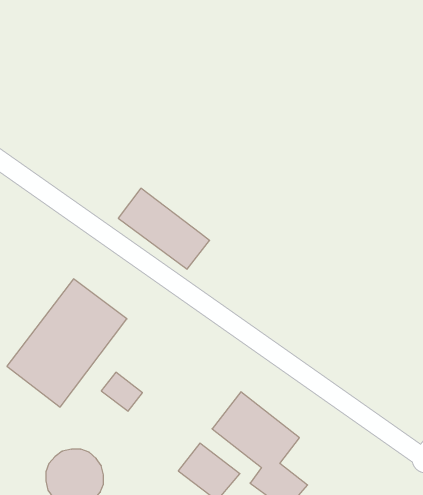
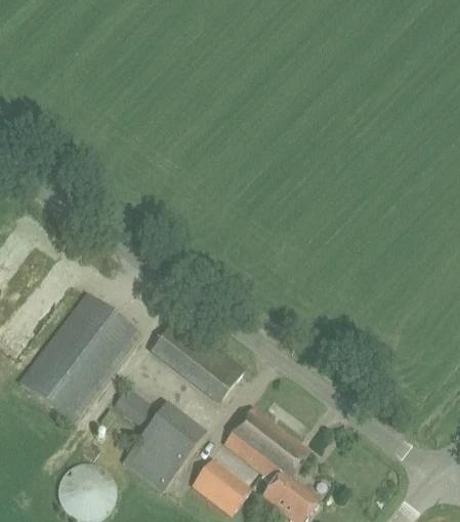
building: [118,188,210,269] -> [153,320,244,401]
building: none -> [126,397,212,489]

